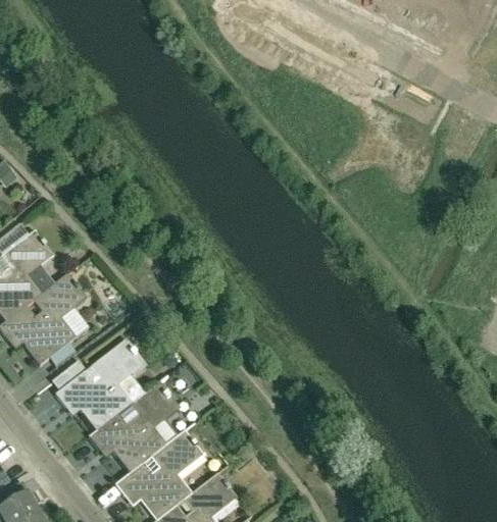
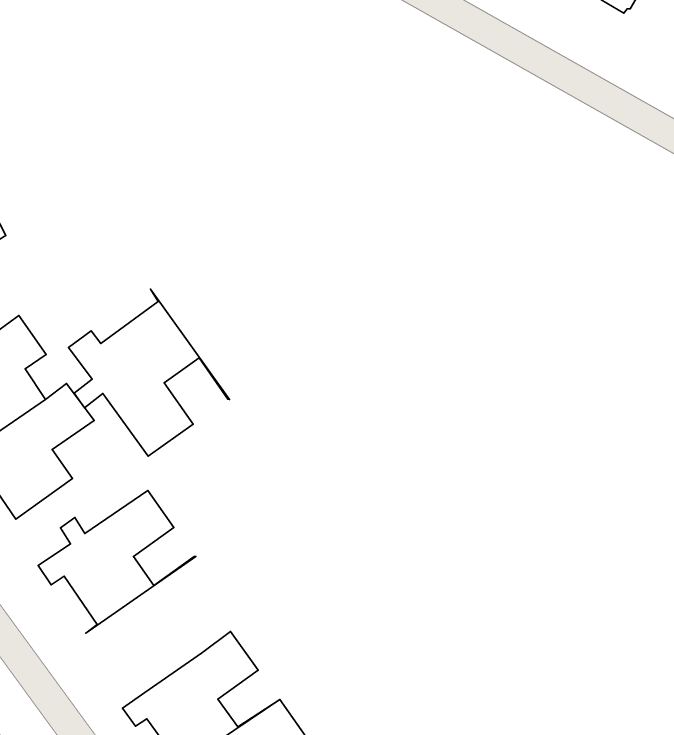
building: none -> [69,289,230,456]
building: [89,382,177,473] -> none

